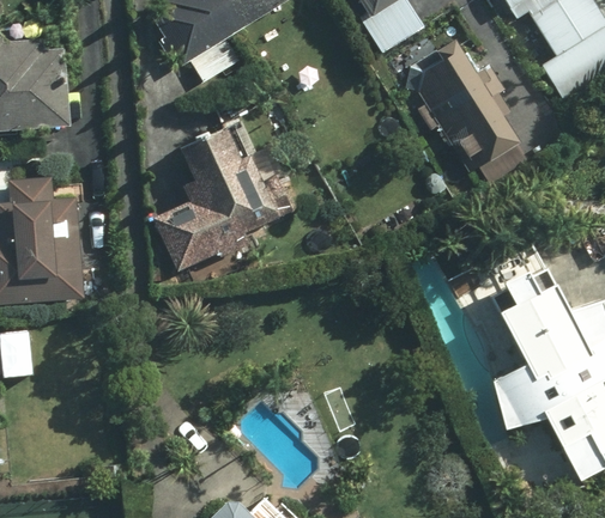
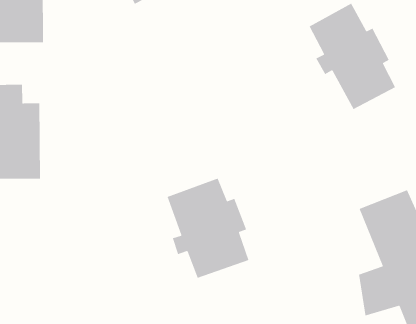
building: [153,126,292,273] -> none
building: none -> [167,178,250,279]

